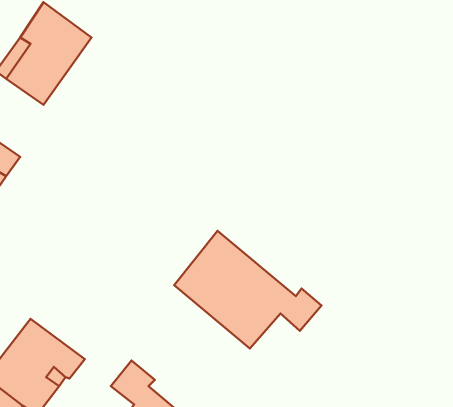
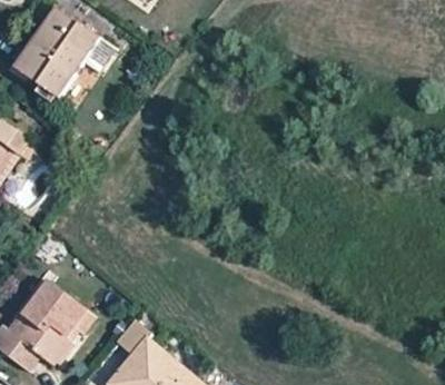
building: [174,231,322,349] -> none

